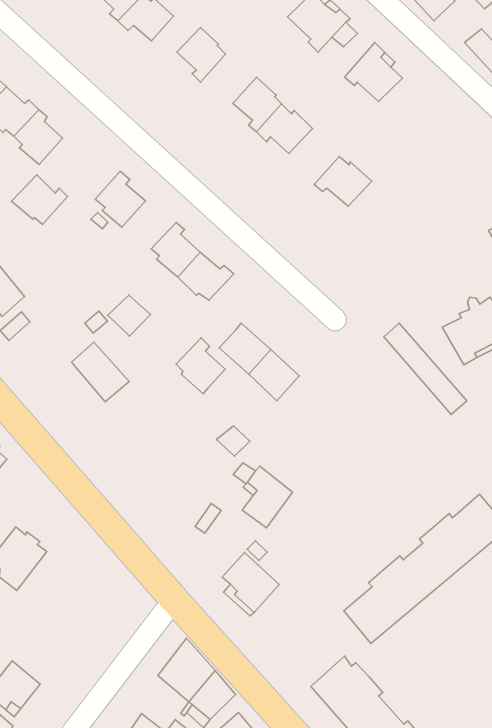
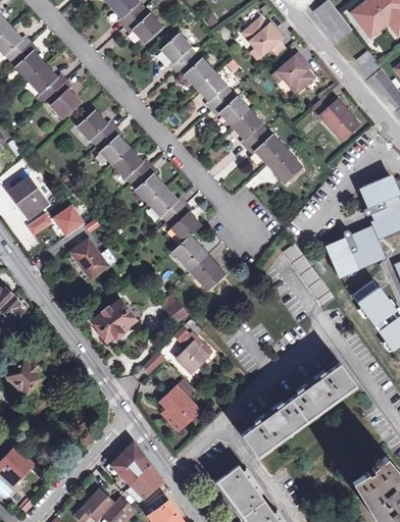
building: none -> [176,53,213,87]
building: none -> [308,97,357,141]
building: none -> [231,108,264,146]
building: [12,175,67,224] -> [79,109,116,143]
building: none -> [267,147,301,180]
building: none -> [114,147,151,179]
building: [108,295,150,336] -> [55,207,84,234]
building: [176,338,225,394] -> [168,201,201,239]
building: none -> [92,300,137,343]

